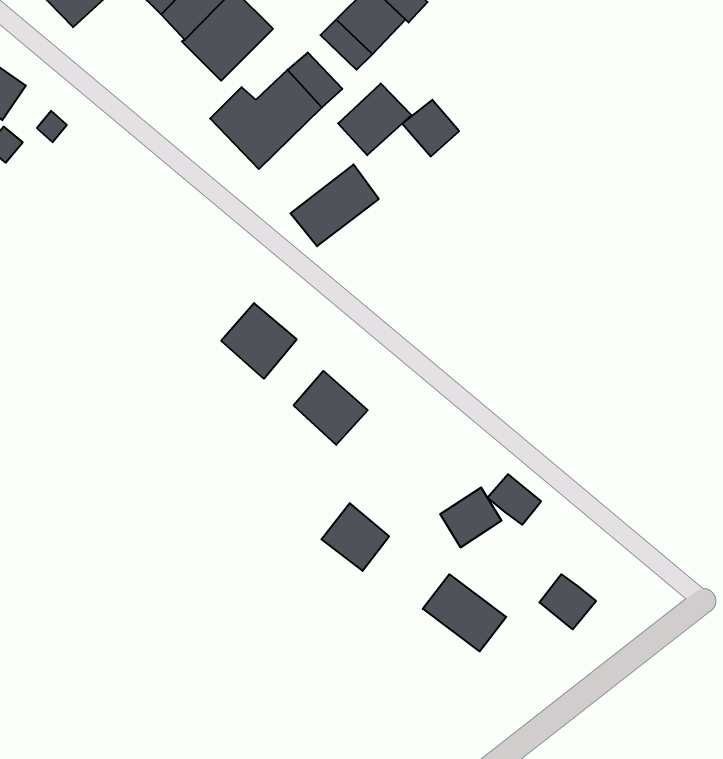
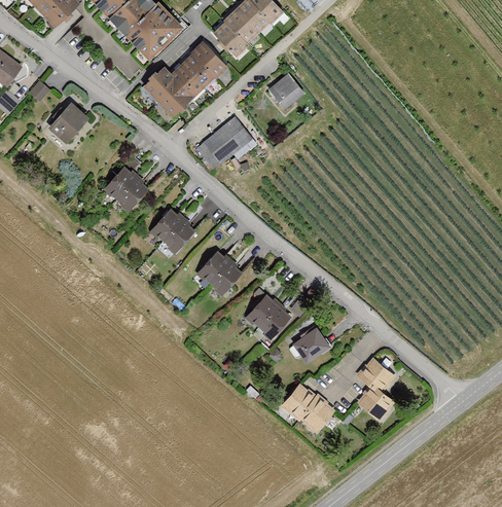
building: [338,83,412,155] -> none
building: none -> [49,101,89,142]
building: none -> [102,167,148,211]
building: [488,474,541,525] -> [360,358,395,391]
building: [321,503,389,571] -> [248,294,292,338]

